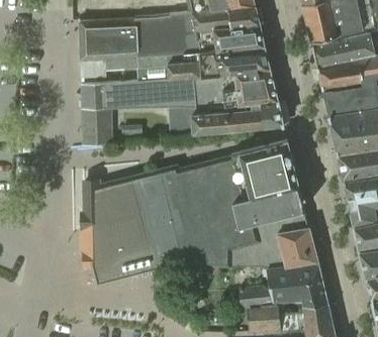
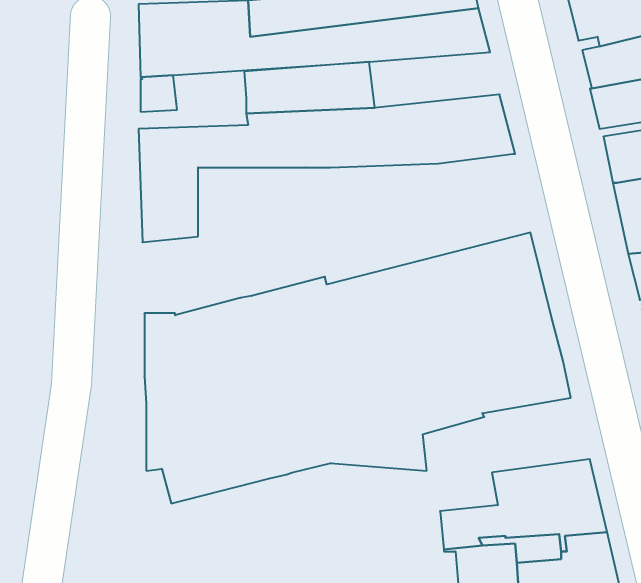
building: [201,45,270,75] -> none
building: [98,55,136,76] -> none
building: [168,99,282,134] -> none
building: [229,226,317,266] -> none

